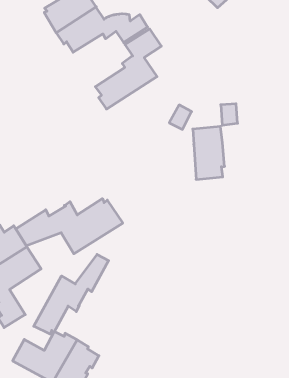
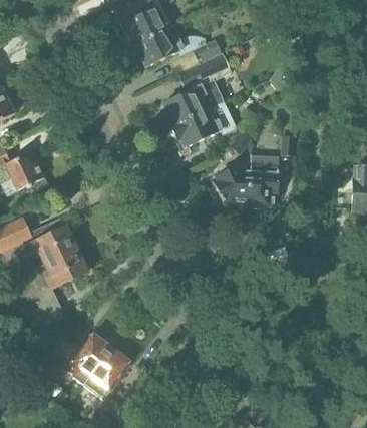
building: none -> [171,99,237,145]
building: none -> [212,164,252,204]
building: [16,199,123,254] -> none
building: [34,254,109,334] -> none

